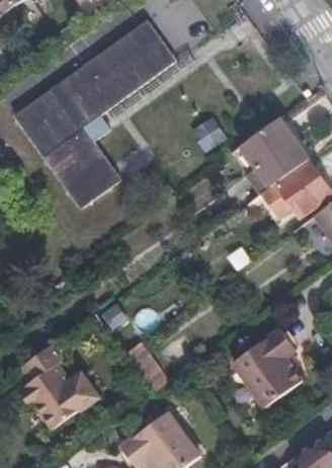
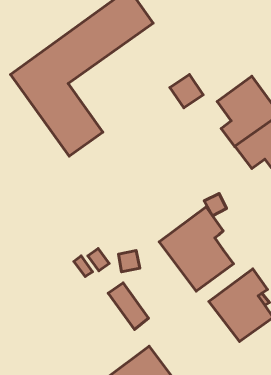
building: none -> [159,207,234,291]
building: [21,343,85,428] -> none

